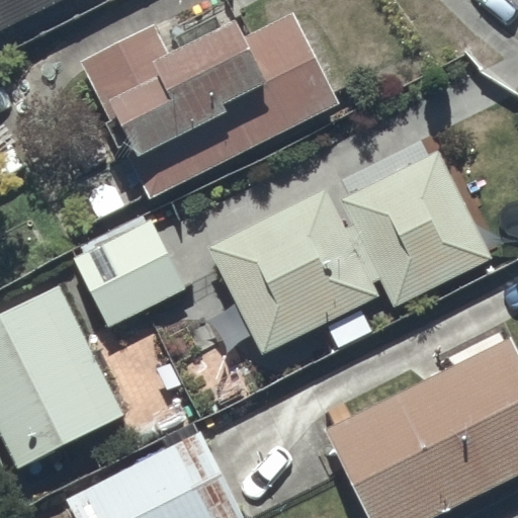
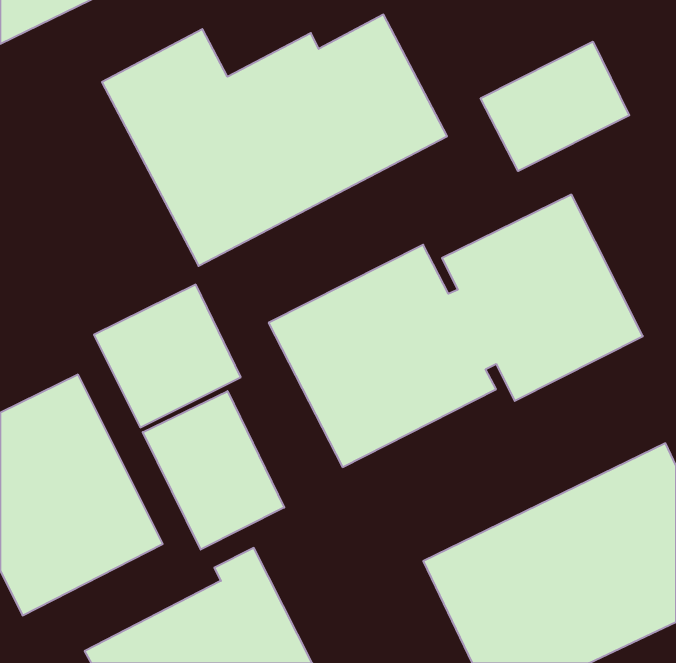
building: none -> [481,42,629,171]
building: none -> [143,391,284,550]

